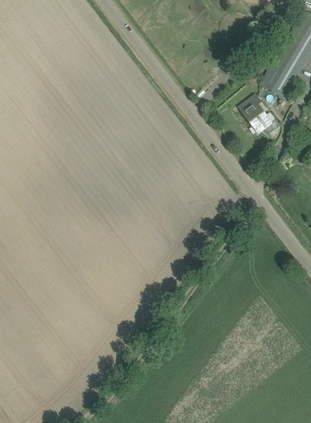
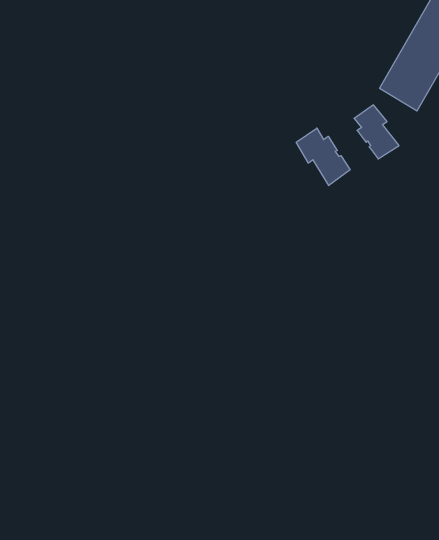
building: none -> [296,128,350,186]

